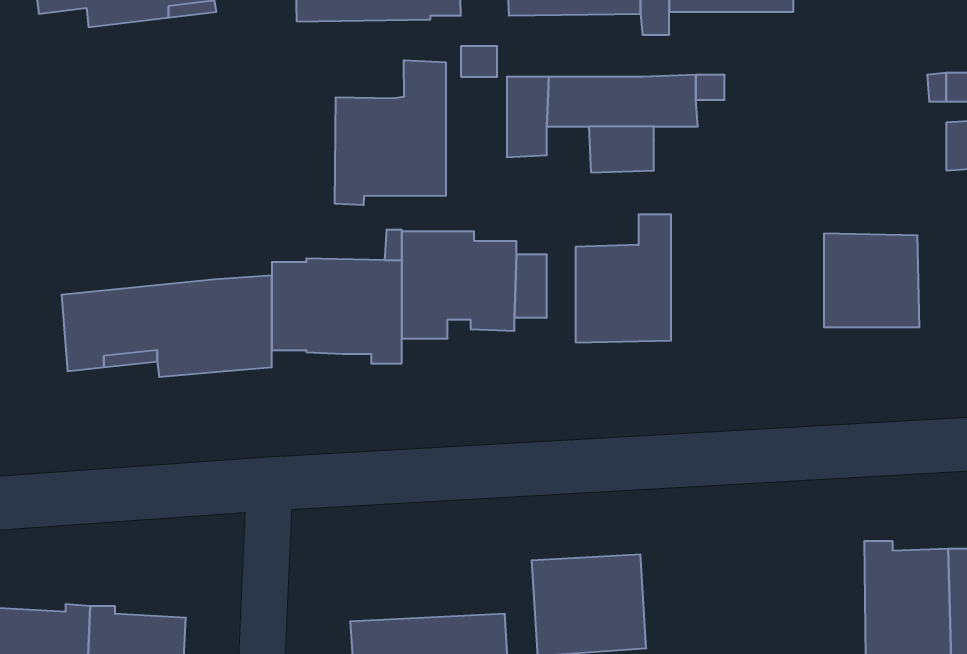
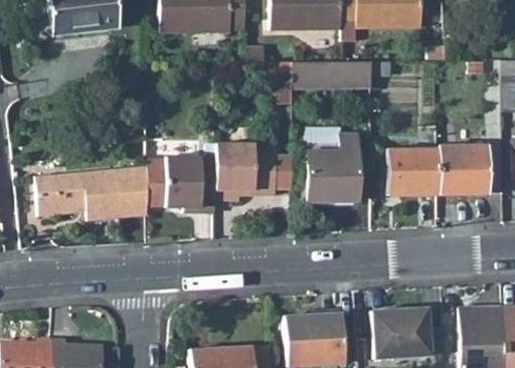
building: [335,60,446,205] -> none
building: [589,126,654,172] -> [307,127,341,151]
building: none -> [388,148,439,194]
building: none -> [372,309,445,358]

